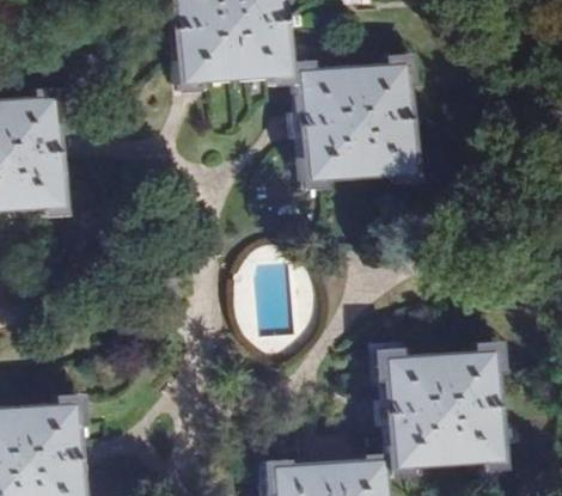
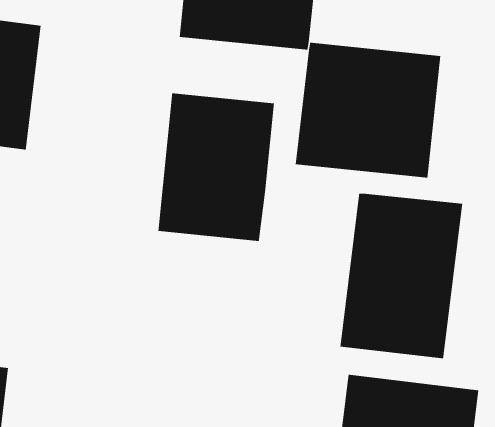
building: none -> [158,93,274,242]
building: none -> [340,193,463,359]

